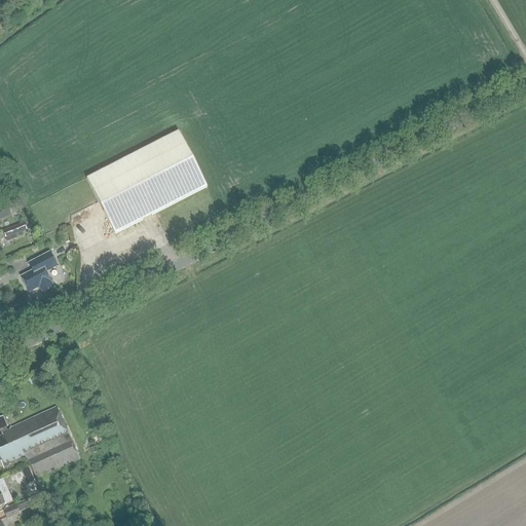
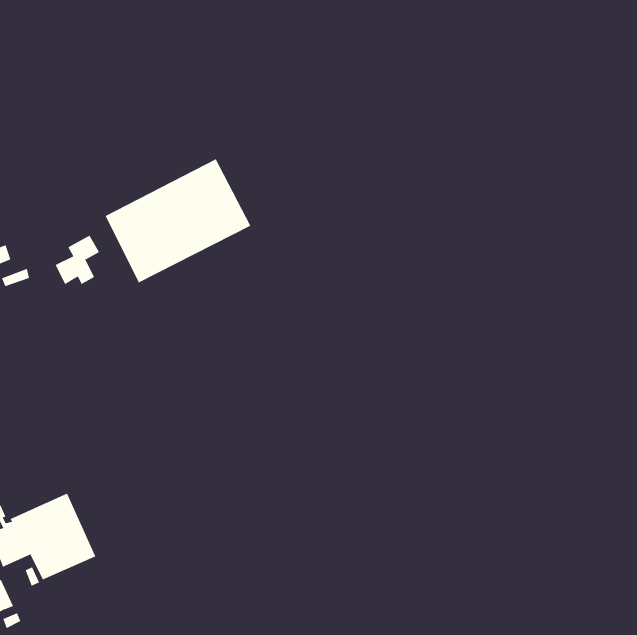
building: [20,251,57,292] -> [55,235,100,285]

